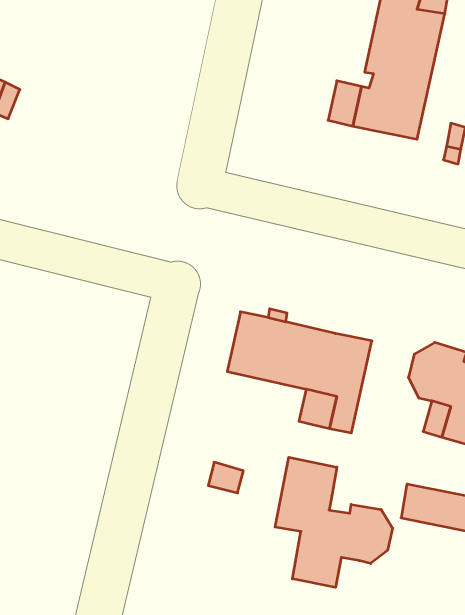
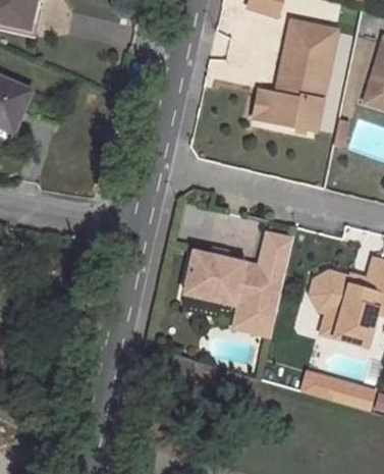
building: none -> [258,231,291,270]
building: [275,457,393,587] -> none

